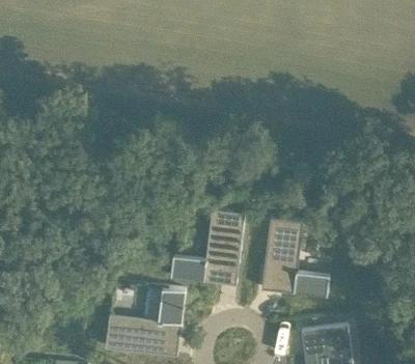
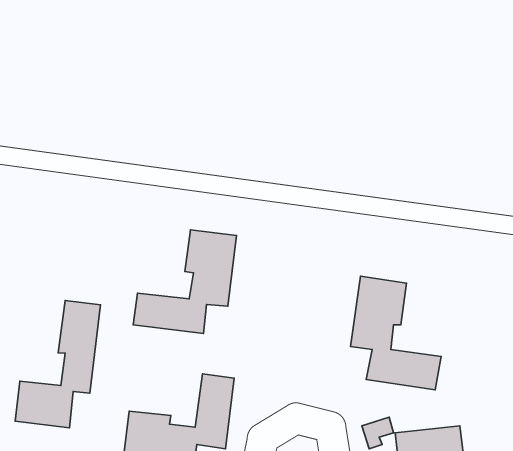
building: [170,208,245,283] -> [133,230,237,333]
building: none -> [15,300,101,428]

